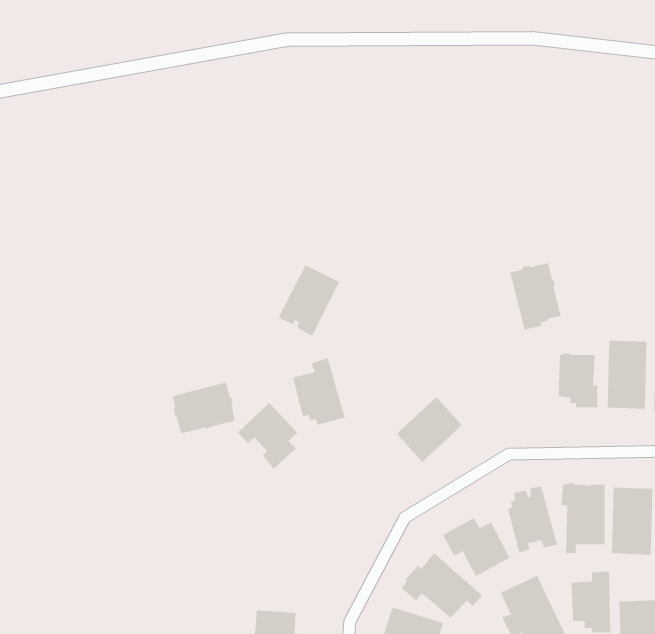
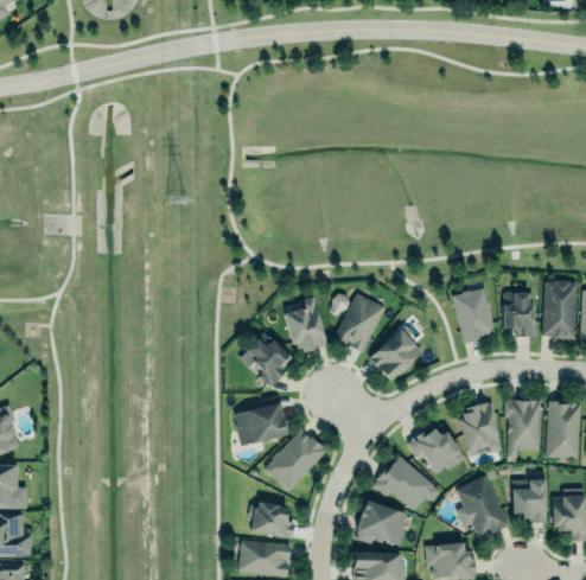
building: [509,262,561,330] -> [452,287,495,343]
building: [278,264,340,337] -> [333,293,384,352]
building: [172,382,235,434] -> [234,402,286,445]
building: none -> [265,429,326,490]

